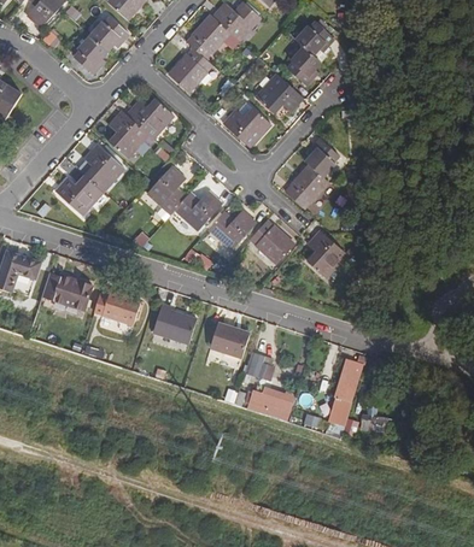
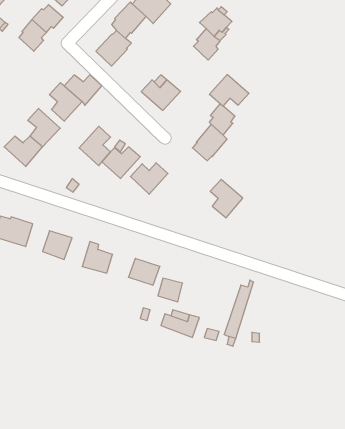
building: [254,72,303,111] -> [209,75,249,106]
building: [250,219,294,263] -> none

